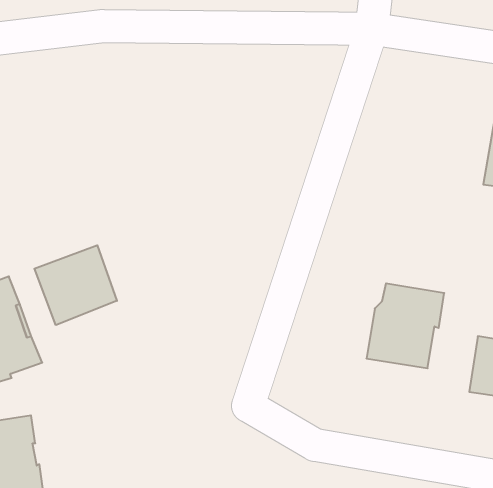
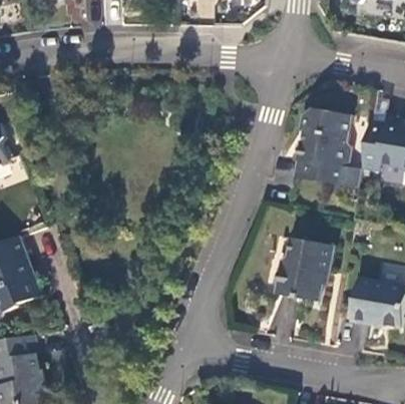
building: none -> [291,108,360,187]
building: [34,245,117,325] -> none

